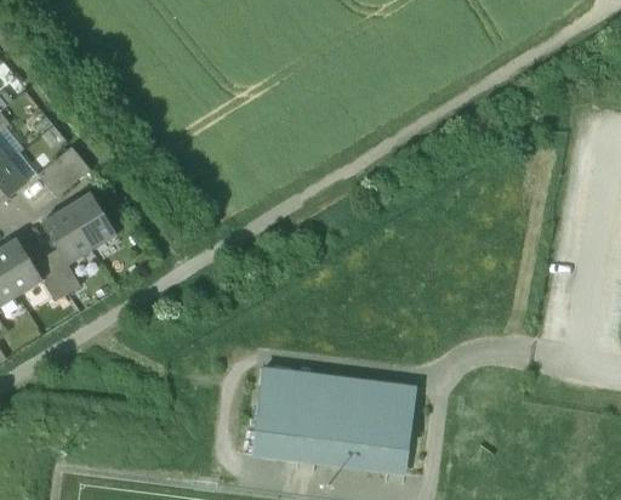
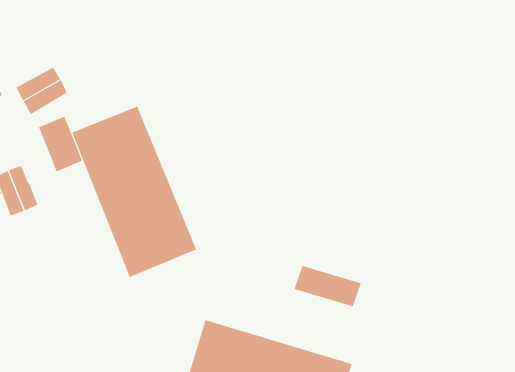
building: none -> [71,106,197,278]
building: [41,209,92,265] -> none
building: none -> [294,265,361,307]

